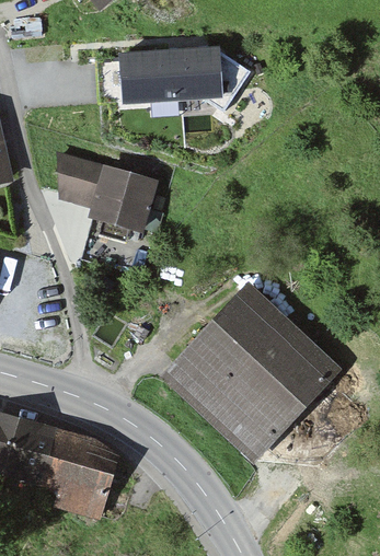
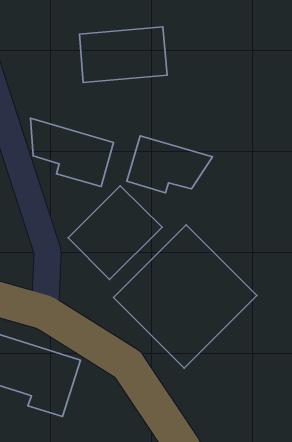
building: none -> [127,136,212,193]
building: none -> [68,186,162,280]

